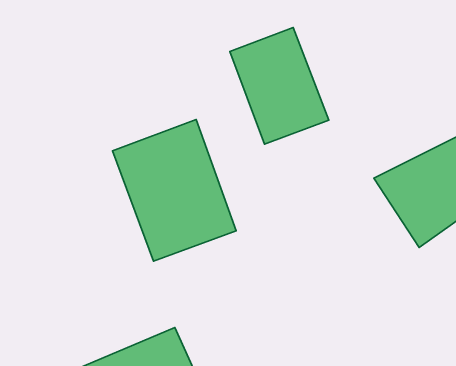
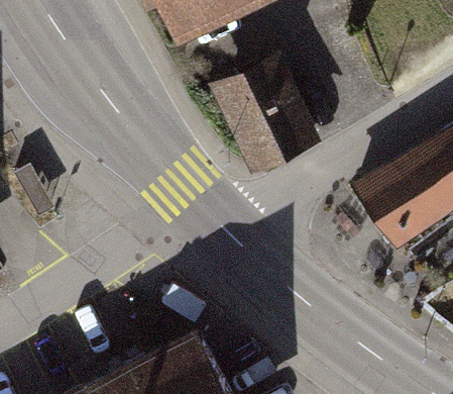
building: [112,120,236,261] -> none

